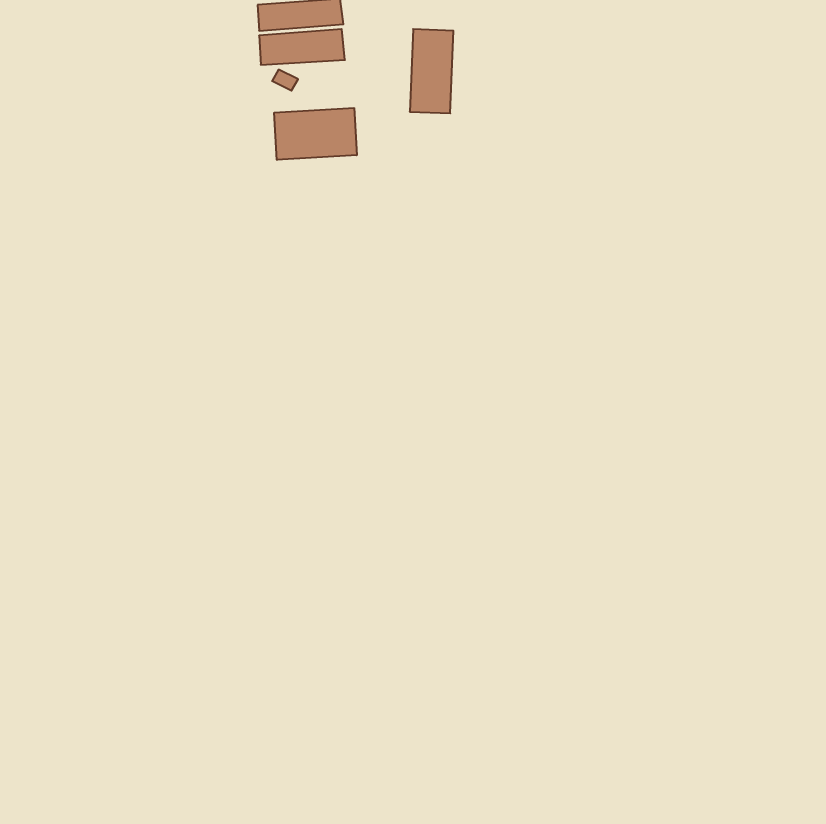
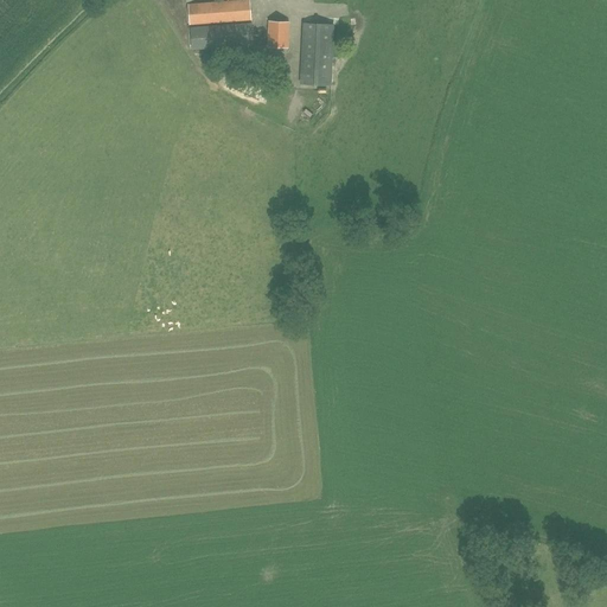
building: none -> [267,20,288,45]
building: [274,108,357,160] -> none

